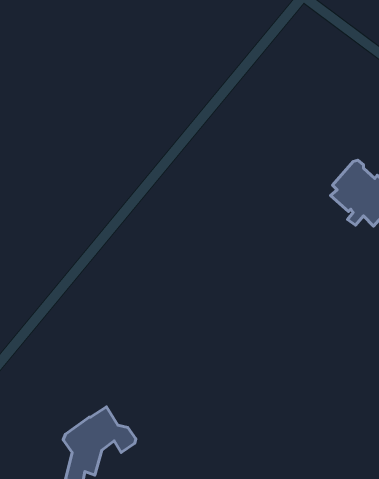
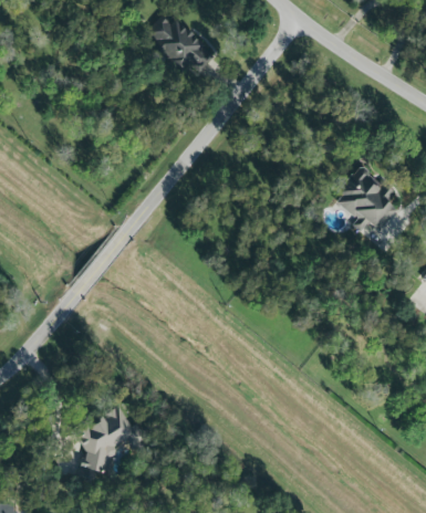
building: none -> [147,17,212,75]

